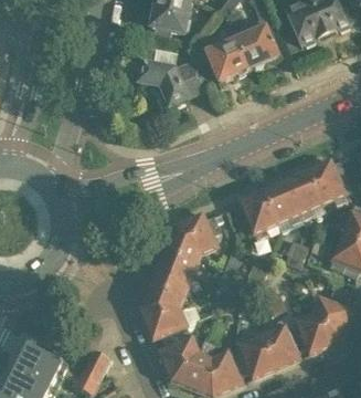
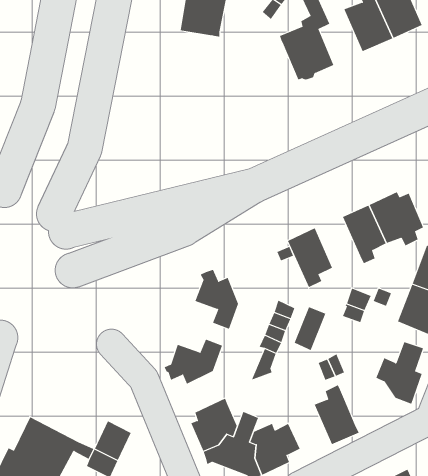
building: [205,34,247,81] -> none
building: [138,51,209,107] -> none
building: [262,180,301,223] -> none
building: [178,212,221,252] -> none
building: [148,250,191,292] -> none
building: [142,307,188,342] -> none
building: [286,313,342,353] -> none
building: [234,325,275,378] -> none

